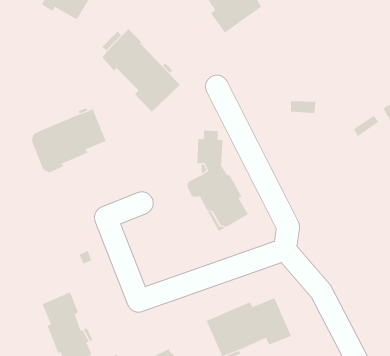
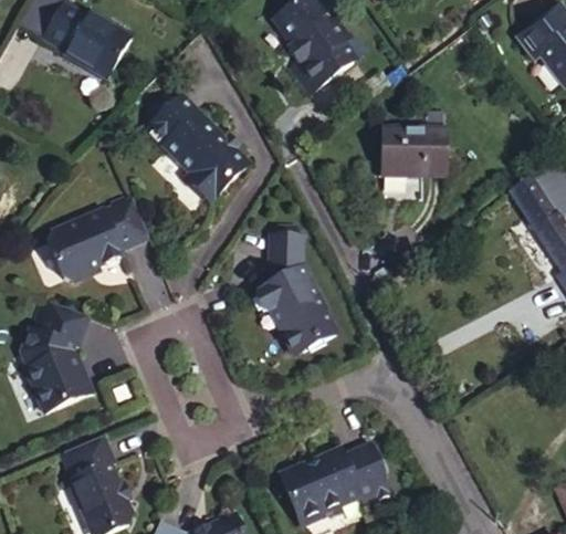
building: none -> [384,129,444,179]
building: none -> [22,295,93,411]

